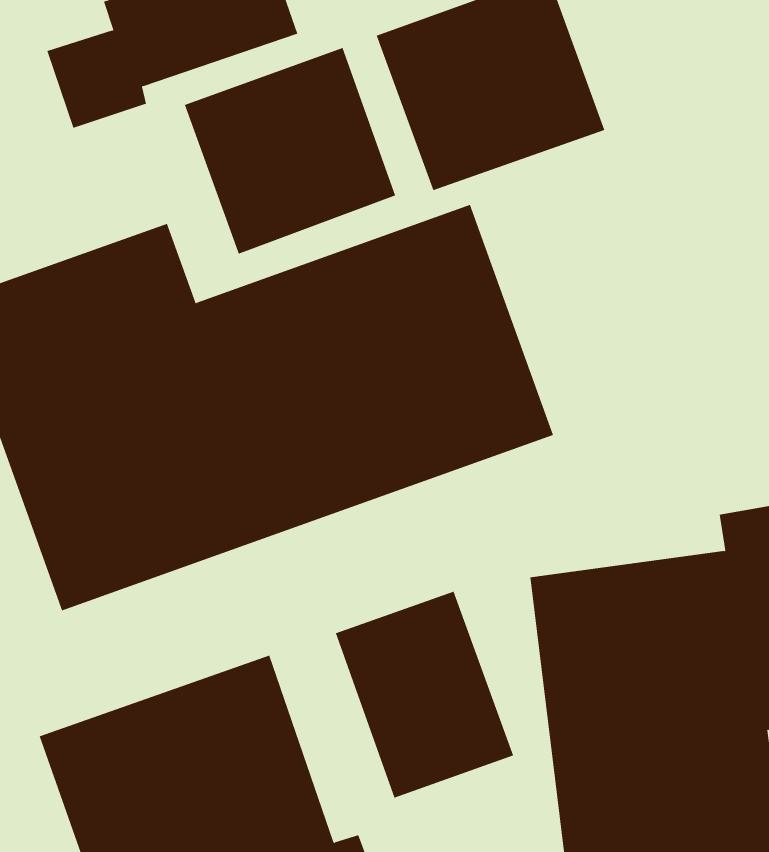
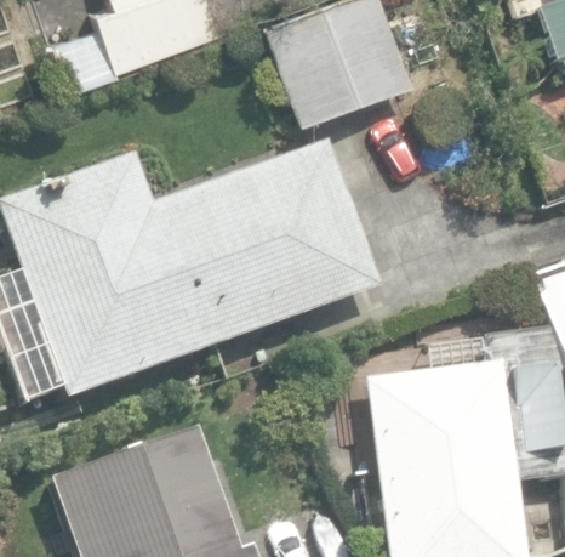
building: [184,47,396,254] -> none
building: [335,591,514,799] -> none

